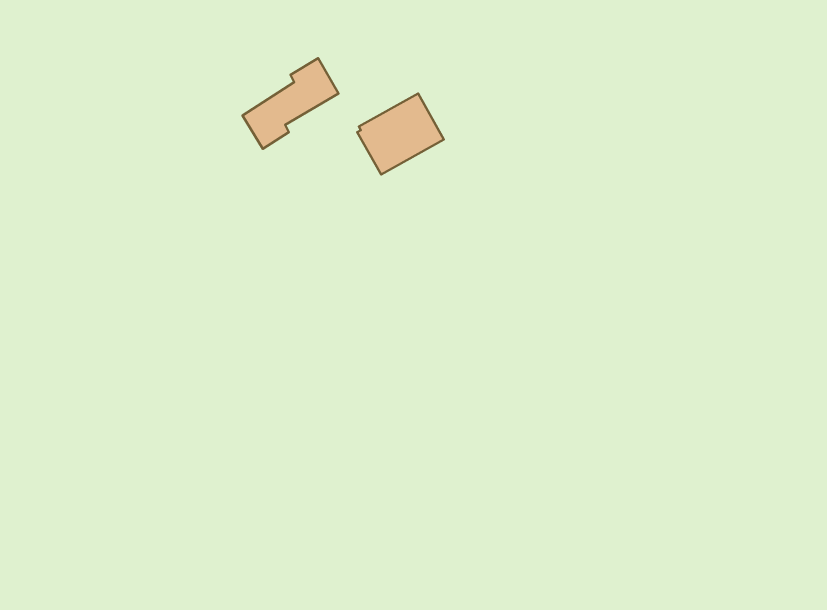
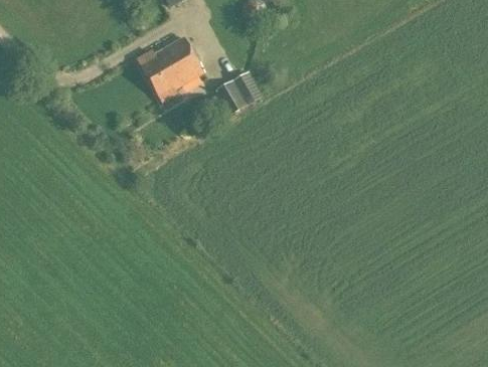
building: none -> [138,37,193,83]

